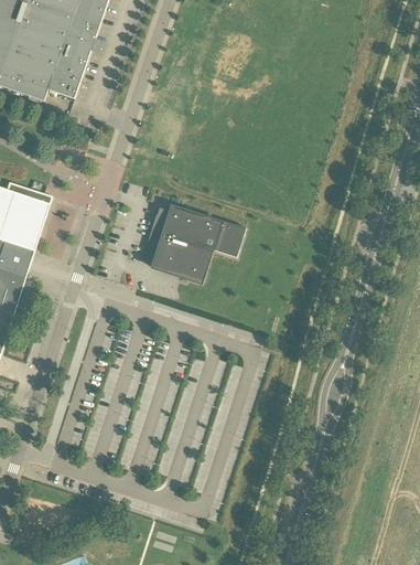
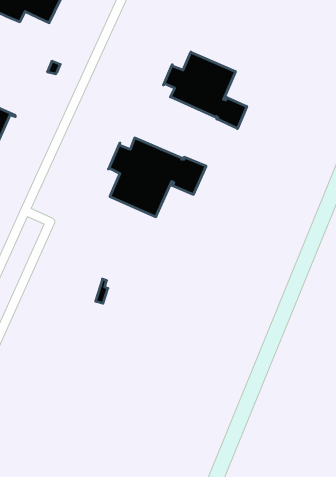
building: none -> [163,52,247,129]

